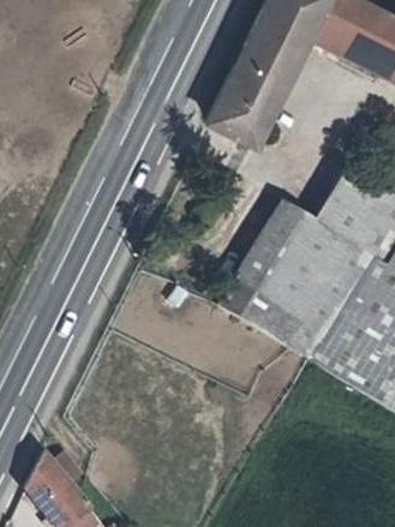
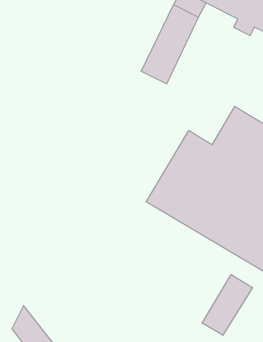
building: none -> [202,275,252,335]

